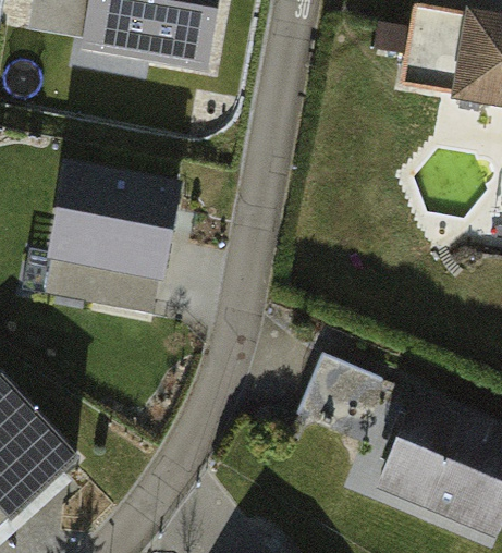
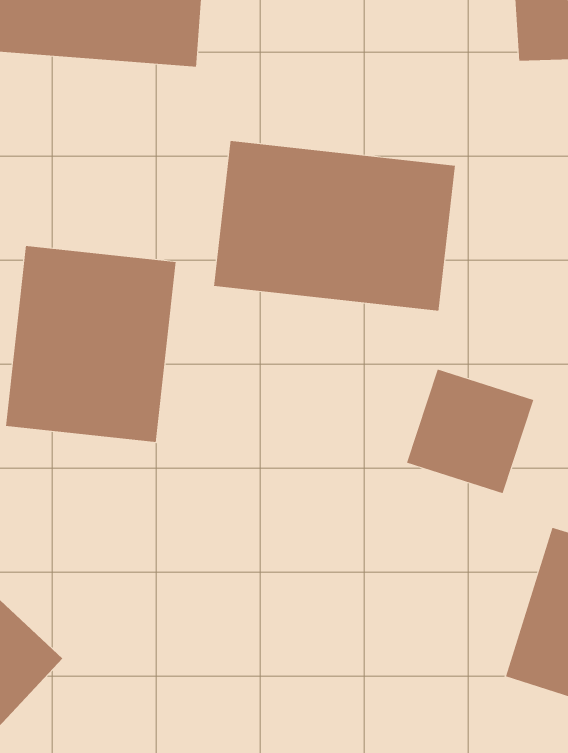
building: none -> [213,140,456,312]
building: [311,360,403,450] -> [406,369,534,494]

